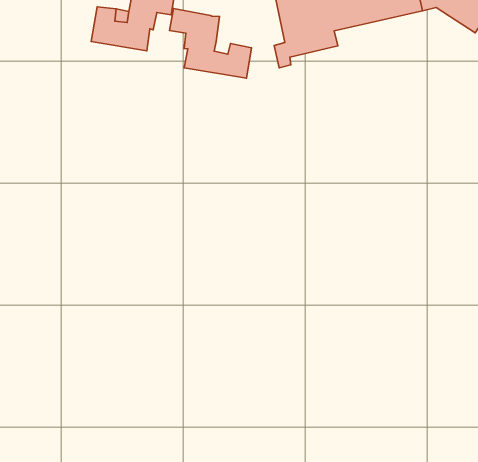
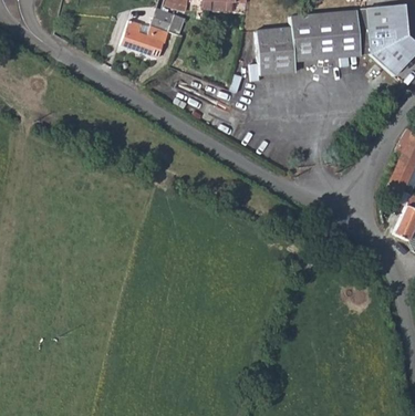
building: [170,8,252,78] -> none

